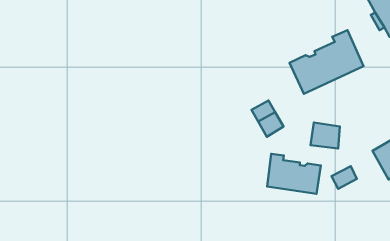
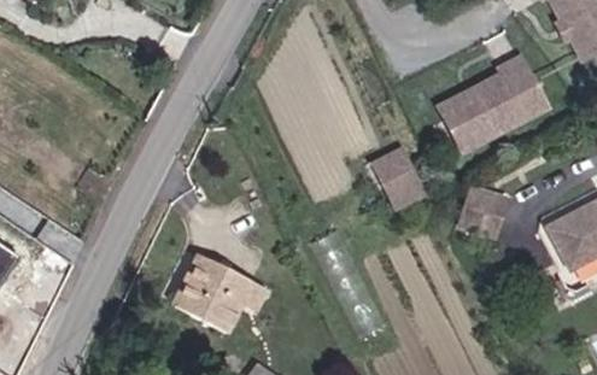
building: [267,154,321,194] -> none
building: none -> [172,260,250,338]

